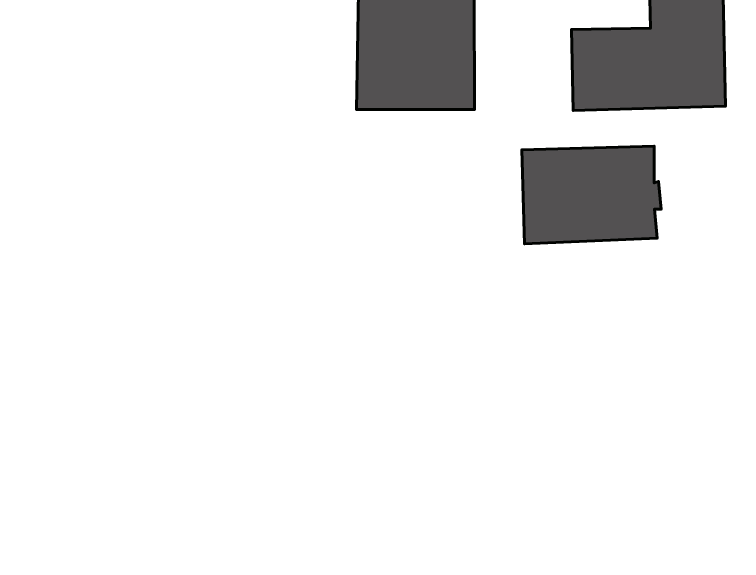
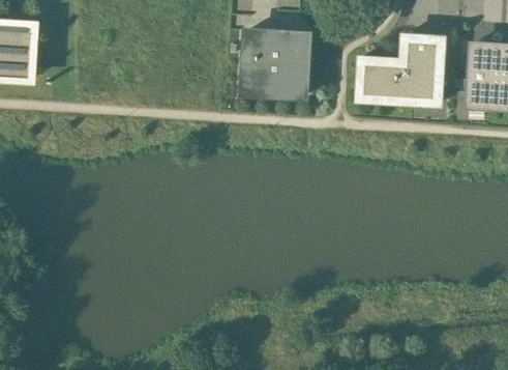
building: [522,146,661,244] -> none

